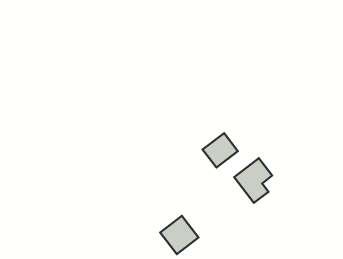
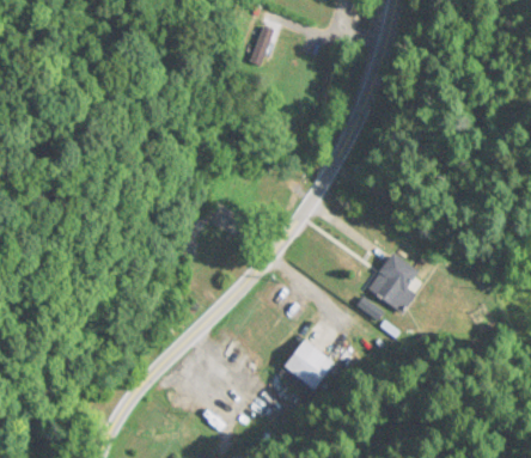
building: [203,133,238,168] -> none

